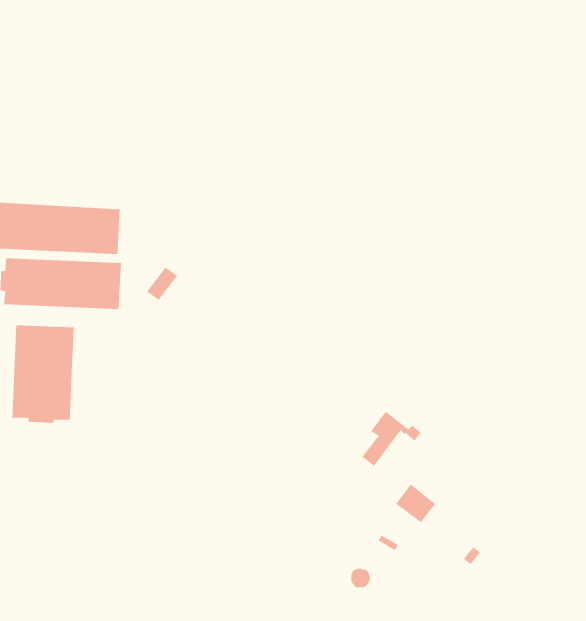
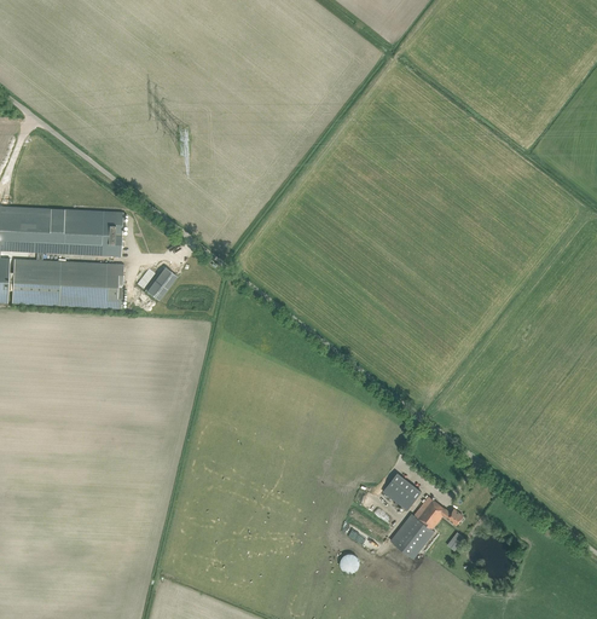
building: [11,324,75,423] -> none
building: [361,411,421,467] -> [404,496,460,549]

